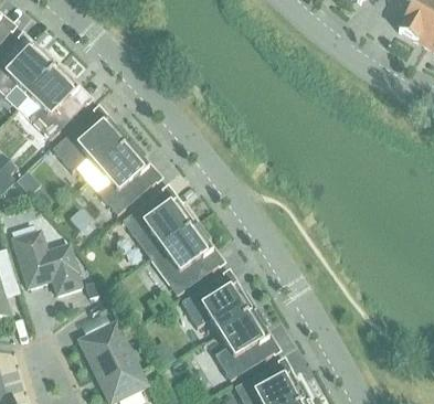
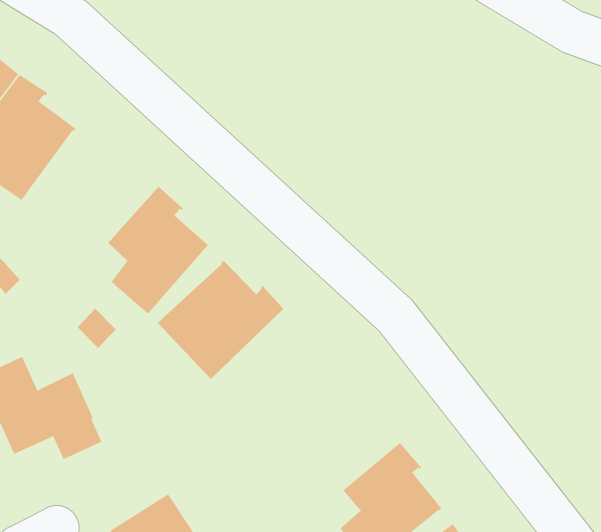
building: [52,109,133,171] -> none
building: [149,222,221,296] -> none
building: [180,273,256,333] -> none

